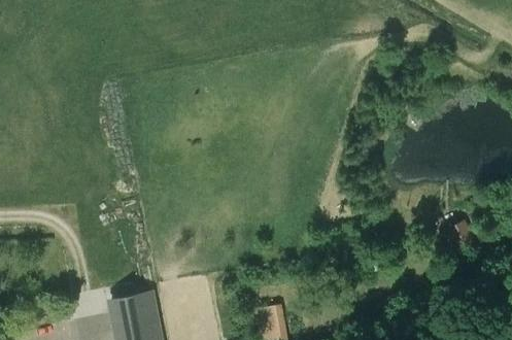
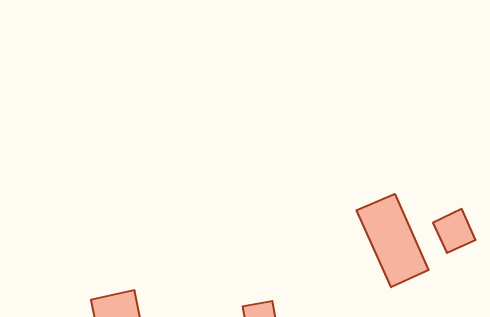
building: none -> [357,194,429,287]

